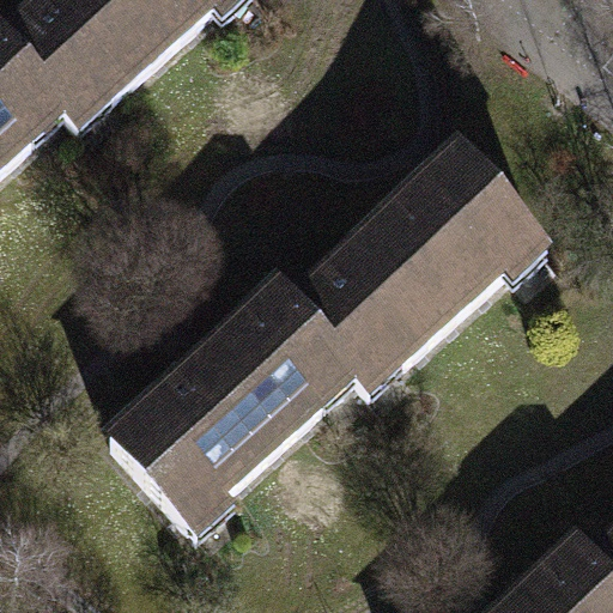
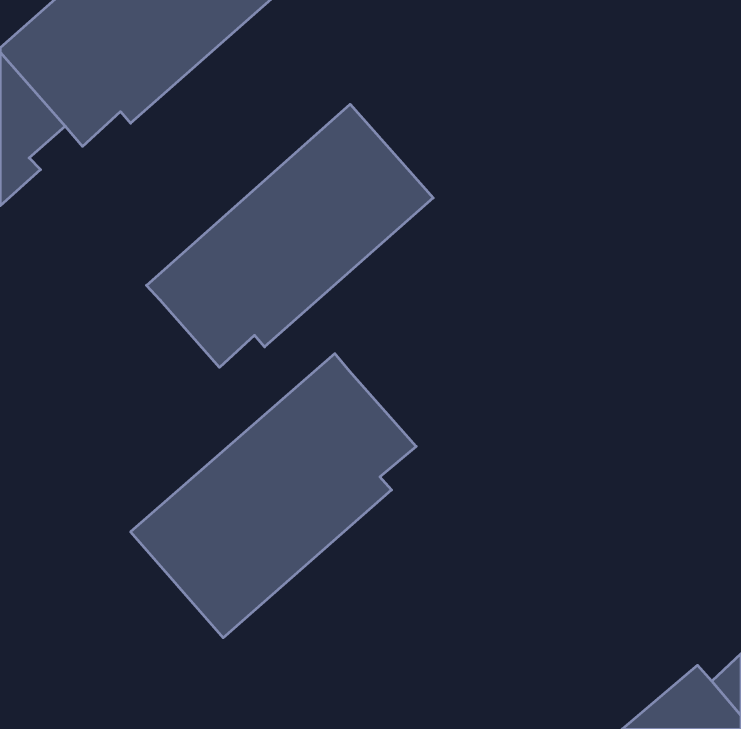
building: none -> [146,104,433,367]
building: [289,157,536,384] -> none

